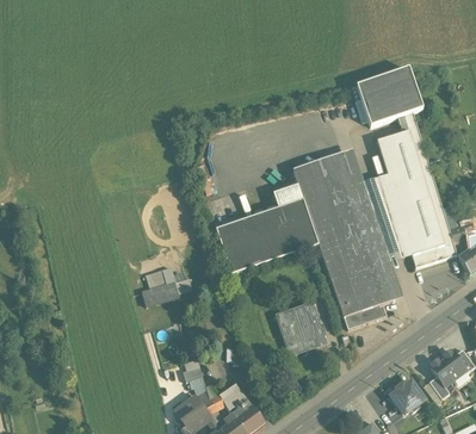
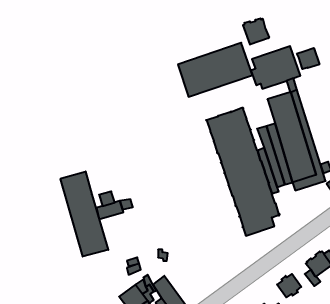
building: none -> [243,18,269,45]
building: none -> [297,48,319,69]
building: [216,199,319,273] -> [178,43,253,97]
building: none -> [61,171,108,257]
building: [279,305,321,346] -> none

